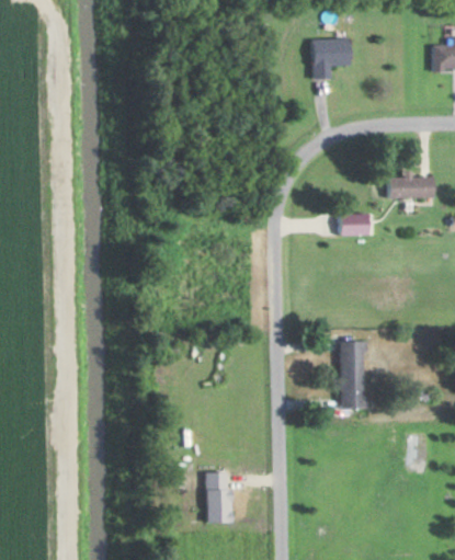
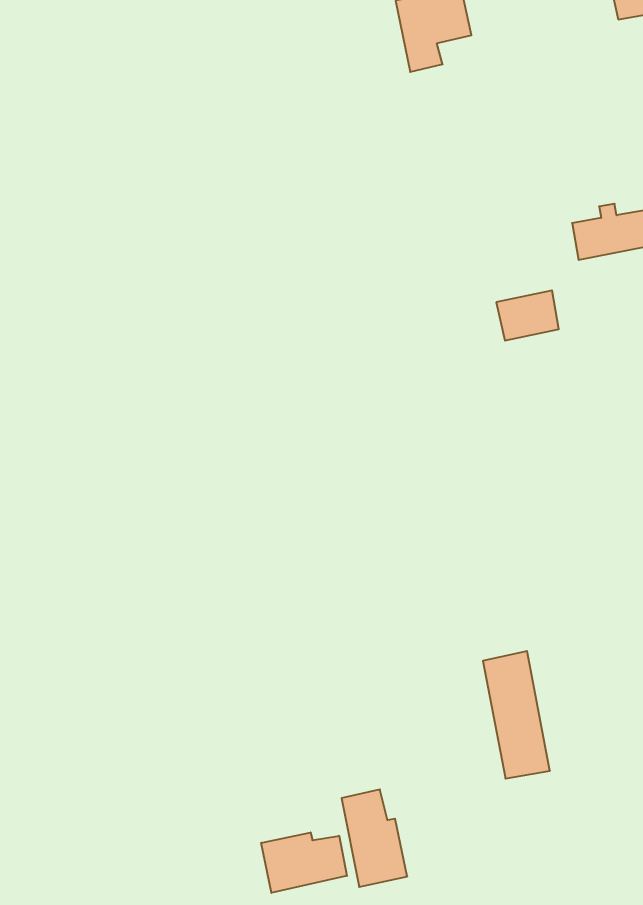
building: [340,341,366,409] -> [483,651,550,779]
building: none -> [261,832,347,893]

